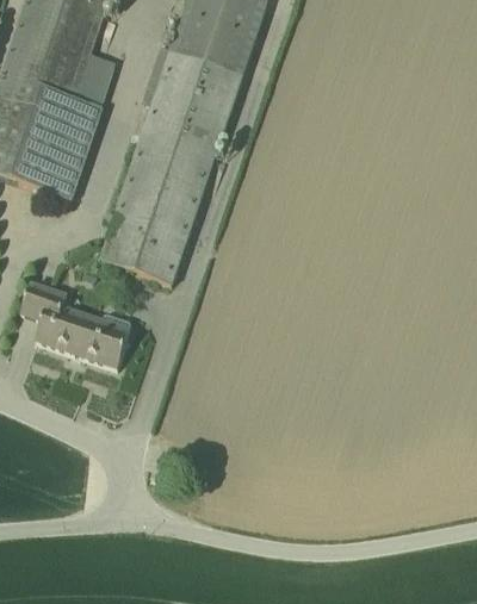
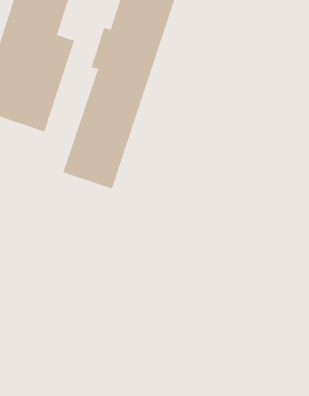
building: [20,281,130,367] -> none

